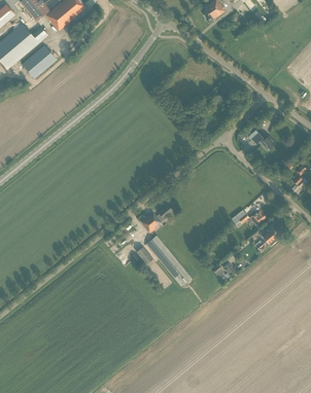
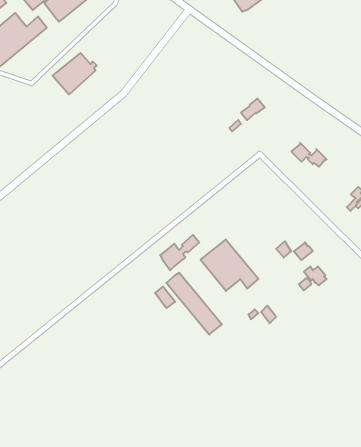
building: [21,45,57,79] -> [53,53,97,94]
building: none -> [201,239,258,291]

